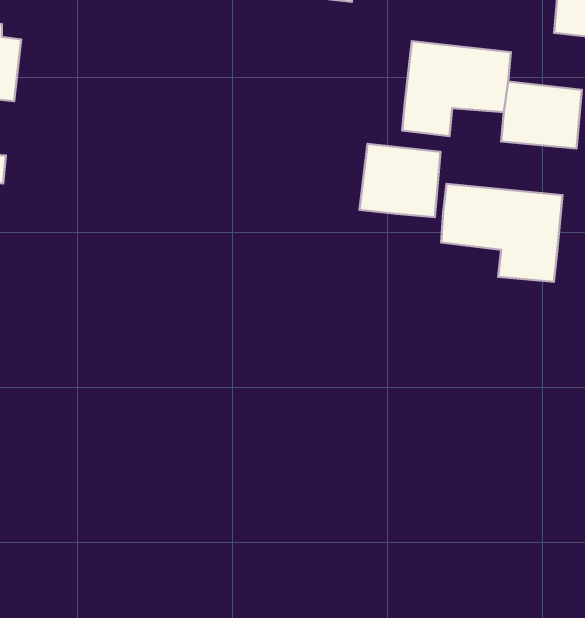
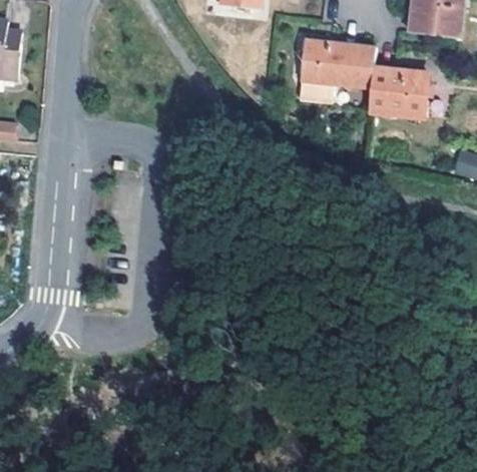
building: [360,144,440,217] -> none
building: [441,184,563,282] -> none

